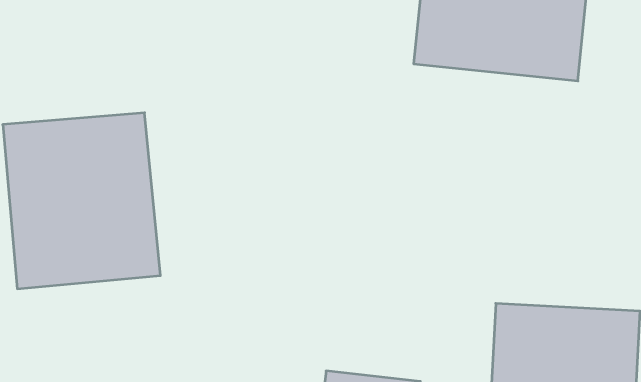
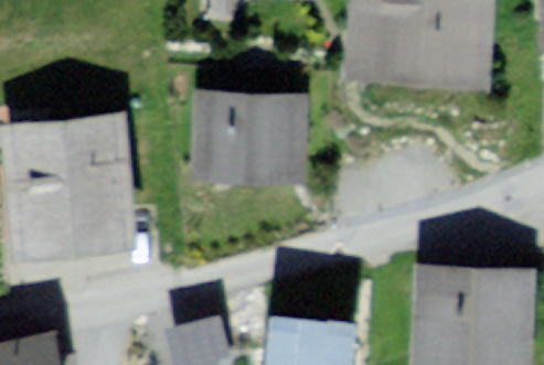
building: none -> [198,90,311,183]

